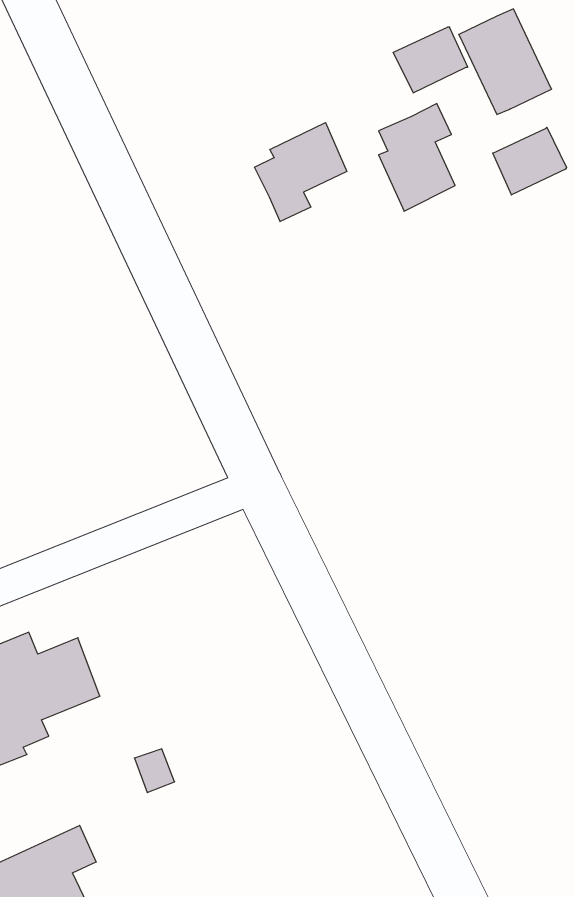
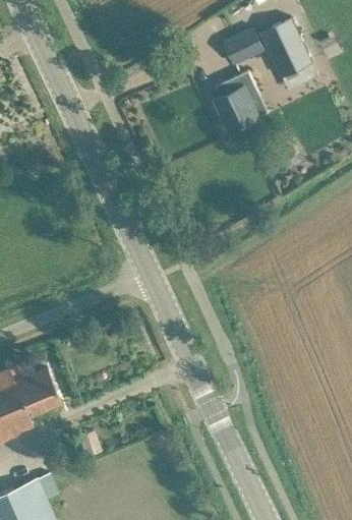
building: [255,123,347,222] -> none
building: [493,127,567,195] -> none

